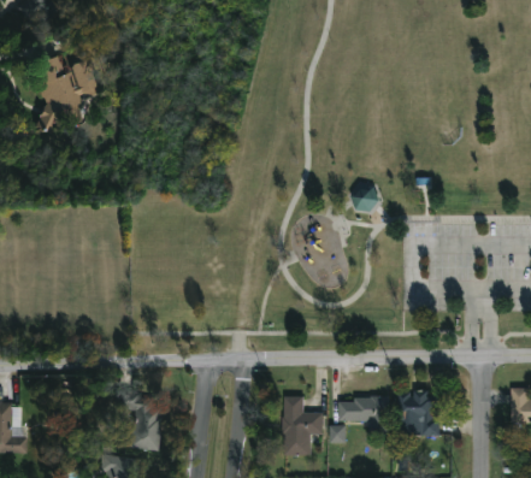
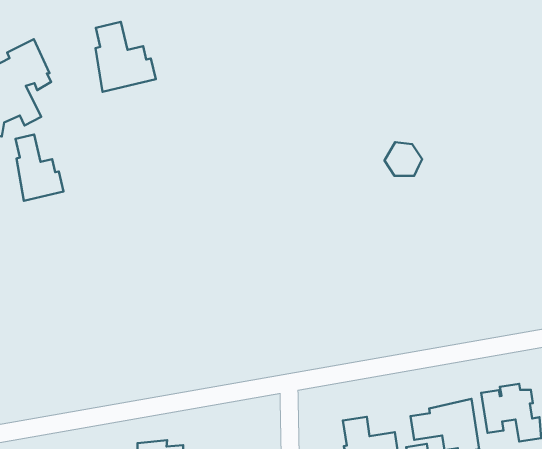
building: none -> [95,22,156,92]
building: none -> [16,134,63,201]

